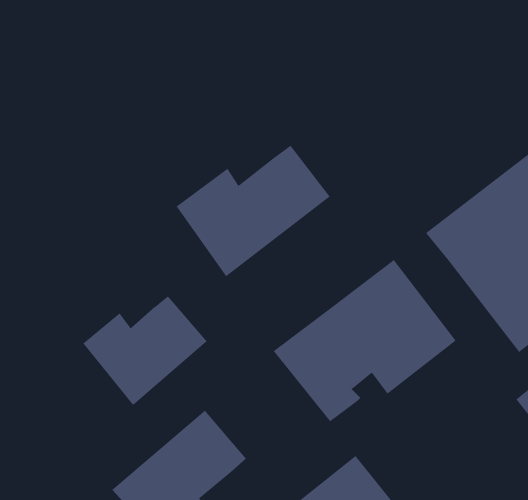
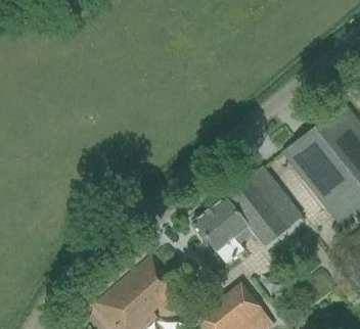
building: [176,145,331,277] -> none
building: [82,295,207,406] -> none

